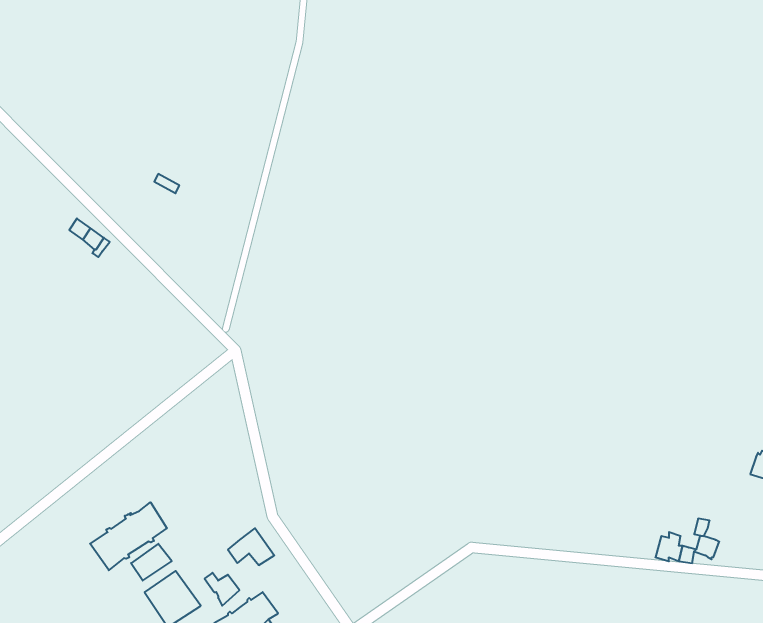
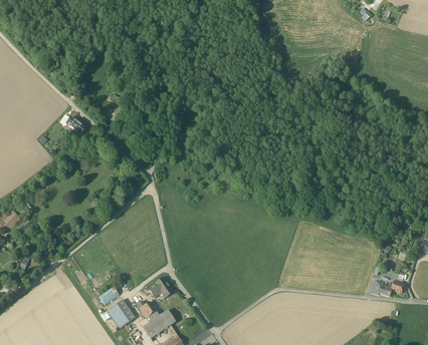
building: [90,502,167,570] -> none

